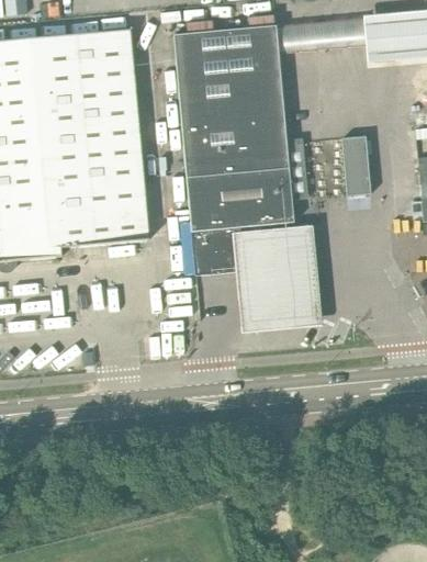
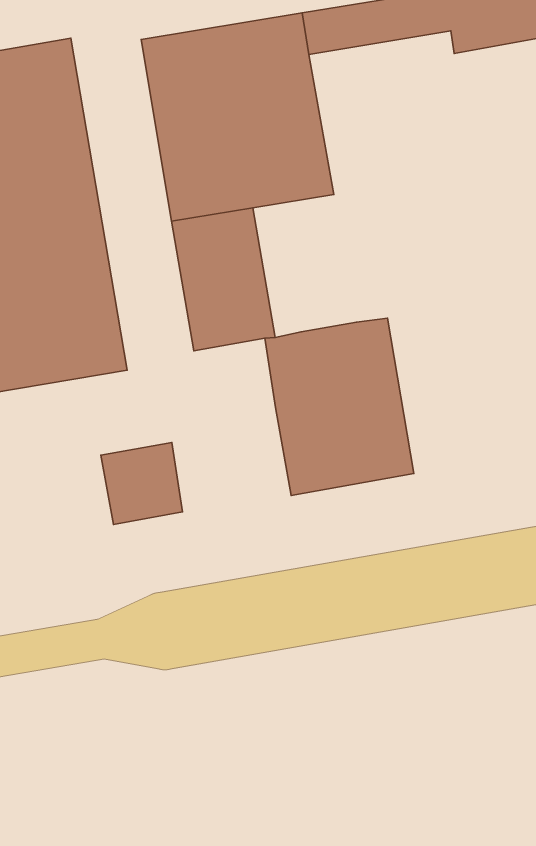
building: [341,135,370,194] -> none
building: [234,137,307,225] -> none
building: [190,225,238,273] -> [101,443,183,524]

